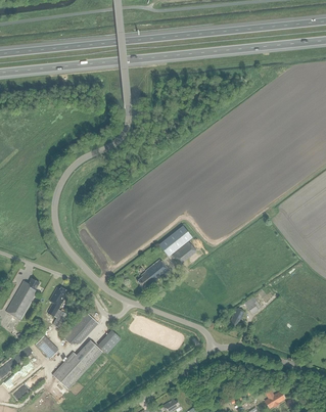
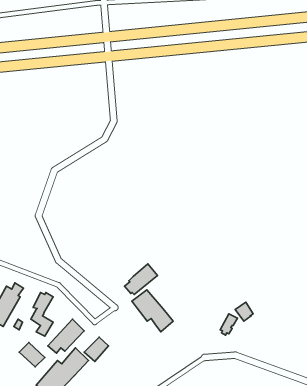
building: [158,225,192,257] -> none
building: none -> [132,290,173,332]

